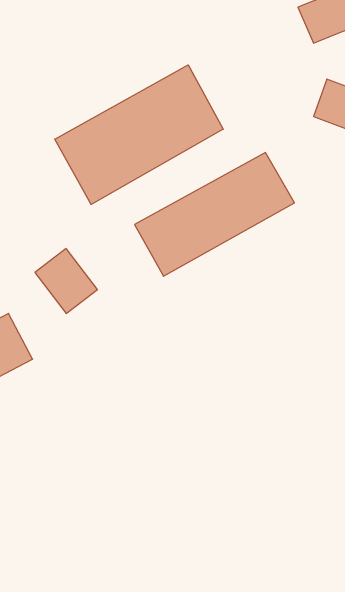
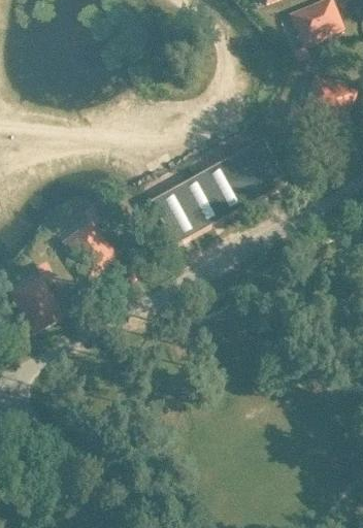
building: [55,65,223,204] -> none

